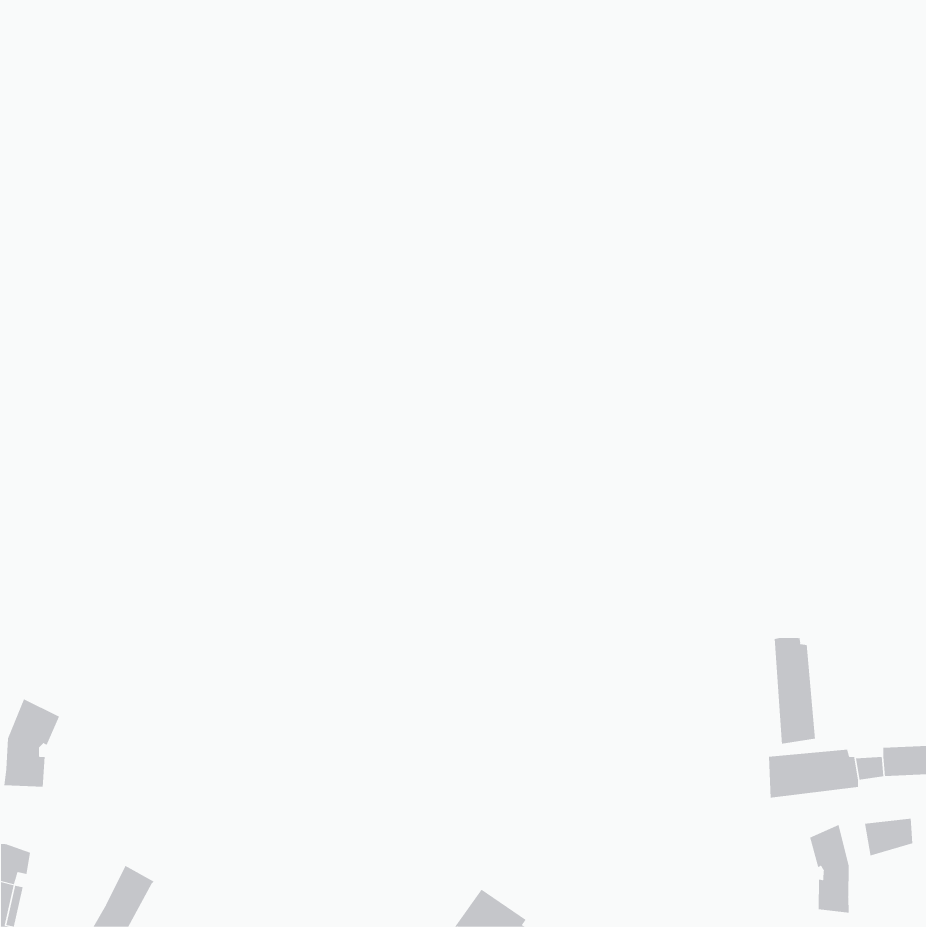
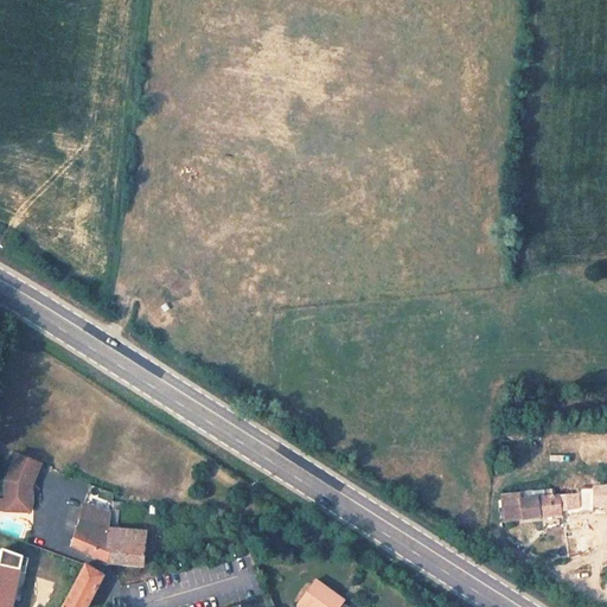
building: [774,637,816,745] -> none
building: none -> [70,503,145,567]
building: [810,824,849,913] -> none

